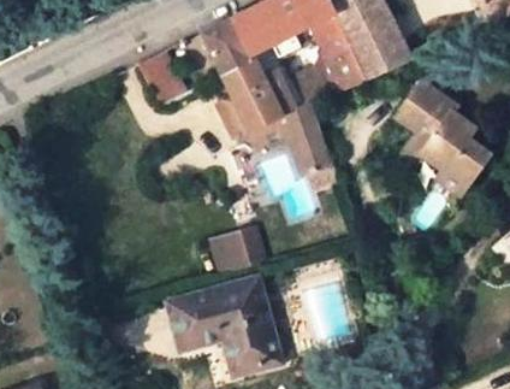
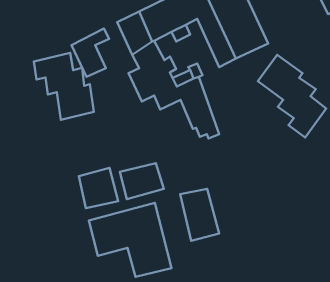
building: none -> [34,53,94,120]
building: none -> [79,168,118,208]
building: none -> [180,189,219,241]

